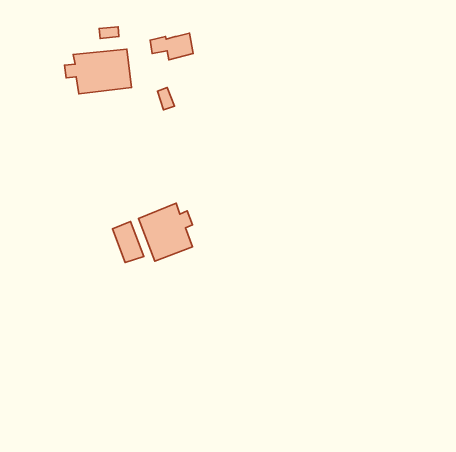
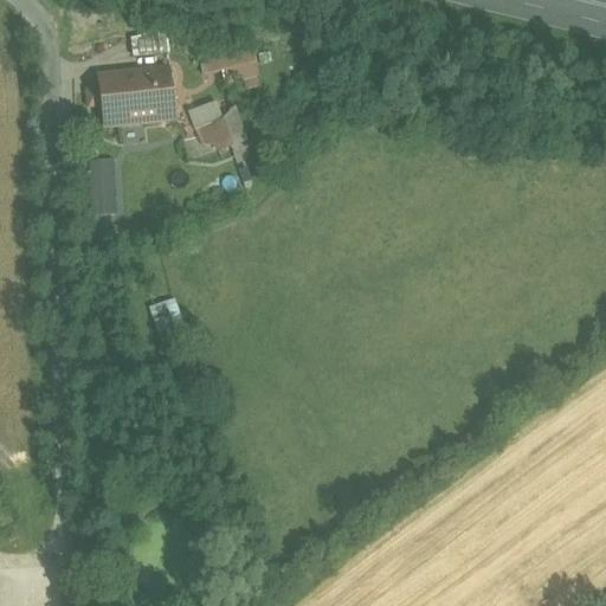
building: none -> [89,155,117,209]
building: [139,203,192,261] -> none

